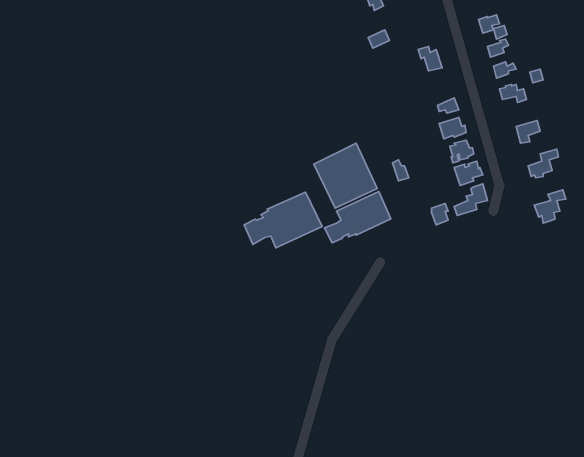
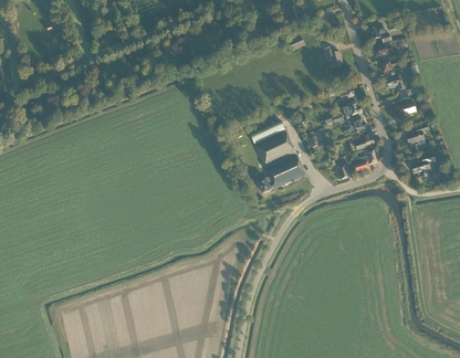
building: [244,192,322,248] -> none

